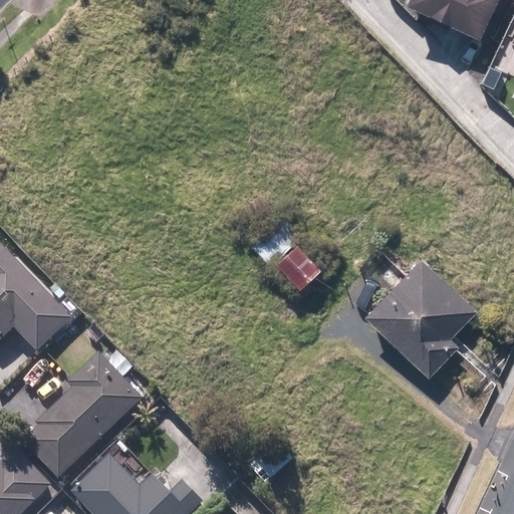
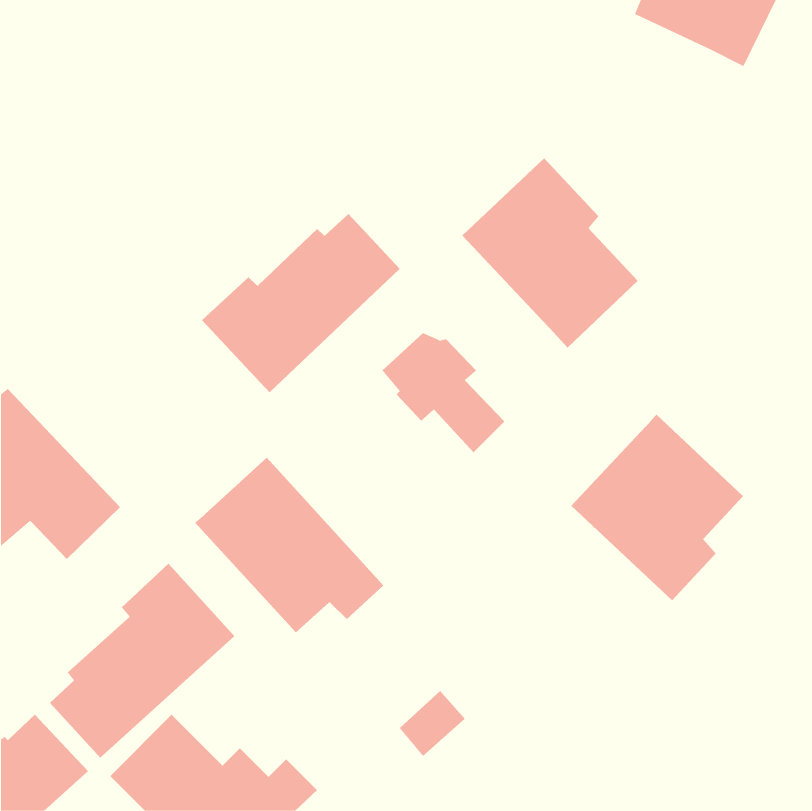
building: none -> [462,158,638,348]
building: none -> [201,213,401,393]
building: none -> [194,457,384,633]

